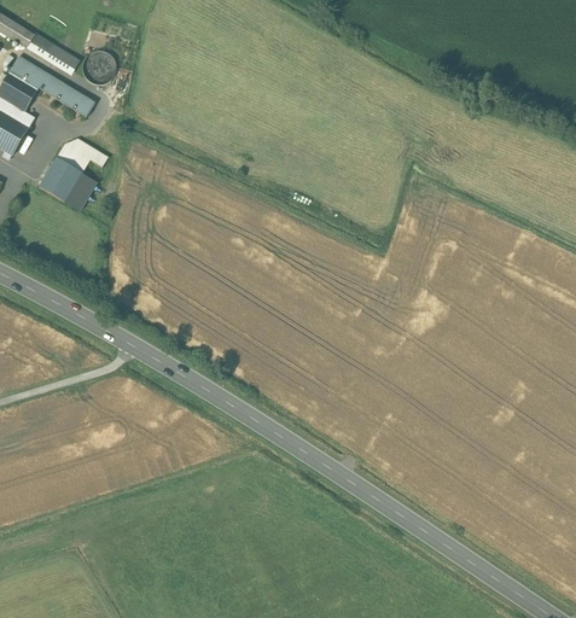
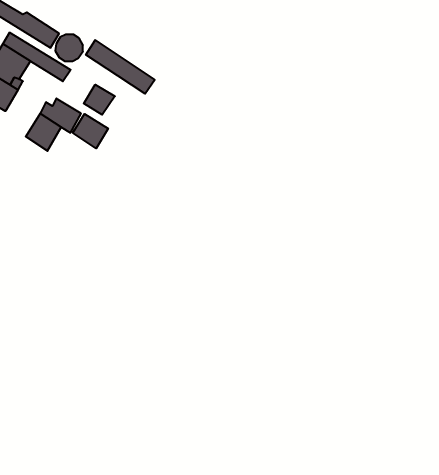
building: none -> [86,40,155,94]
building: none -> [84,85,115,115]
building: none -> [73,114,108,148]

